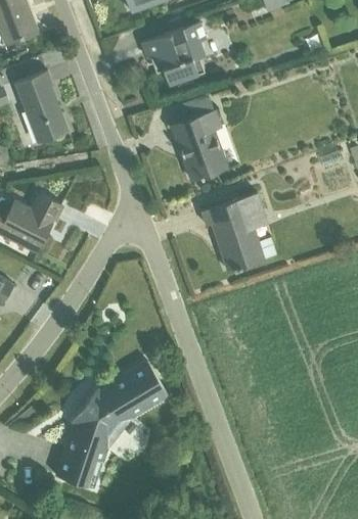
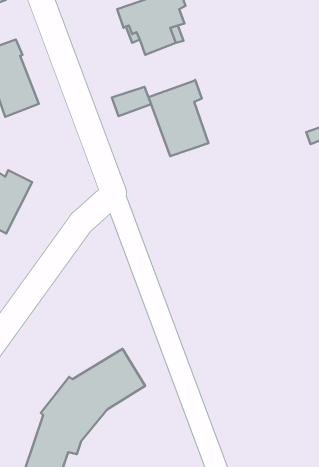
building: [176,93,213,121] -> [112,87,151,116]
building: [200,192,275,271] -> none

